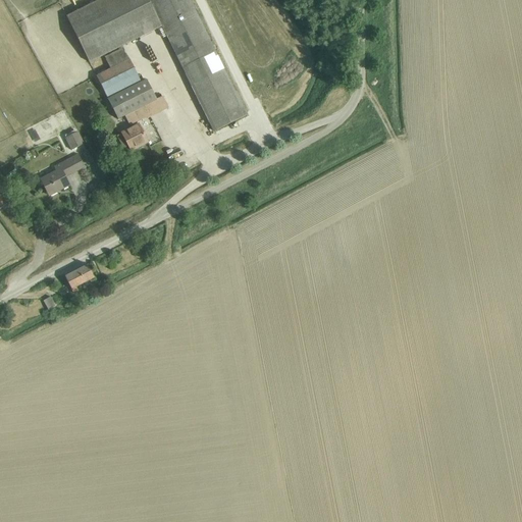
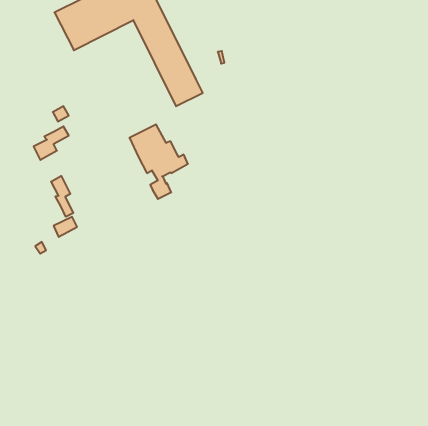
building: [97,58,168,149] -> [129,124,188,199]
building: none -> [51,176,73,217]

